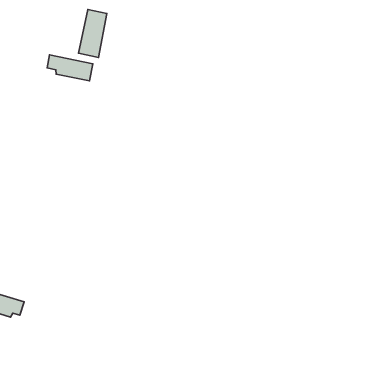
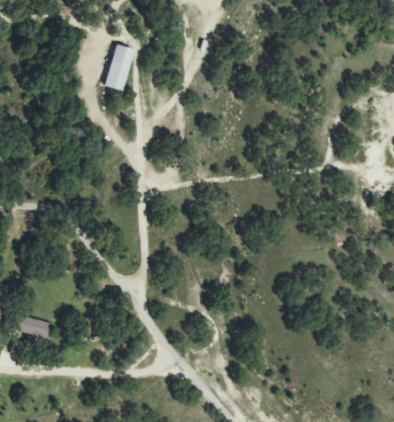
building: [47,55,93,81] -> none

